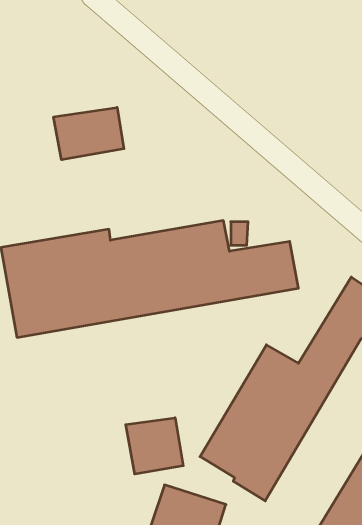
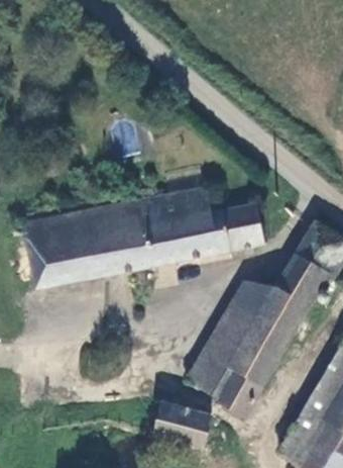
building: [54,107,124,160] -> none
building: [126,418,183,474] -> none

